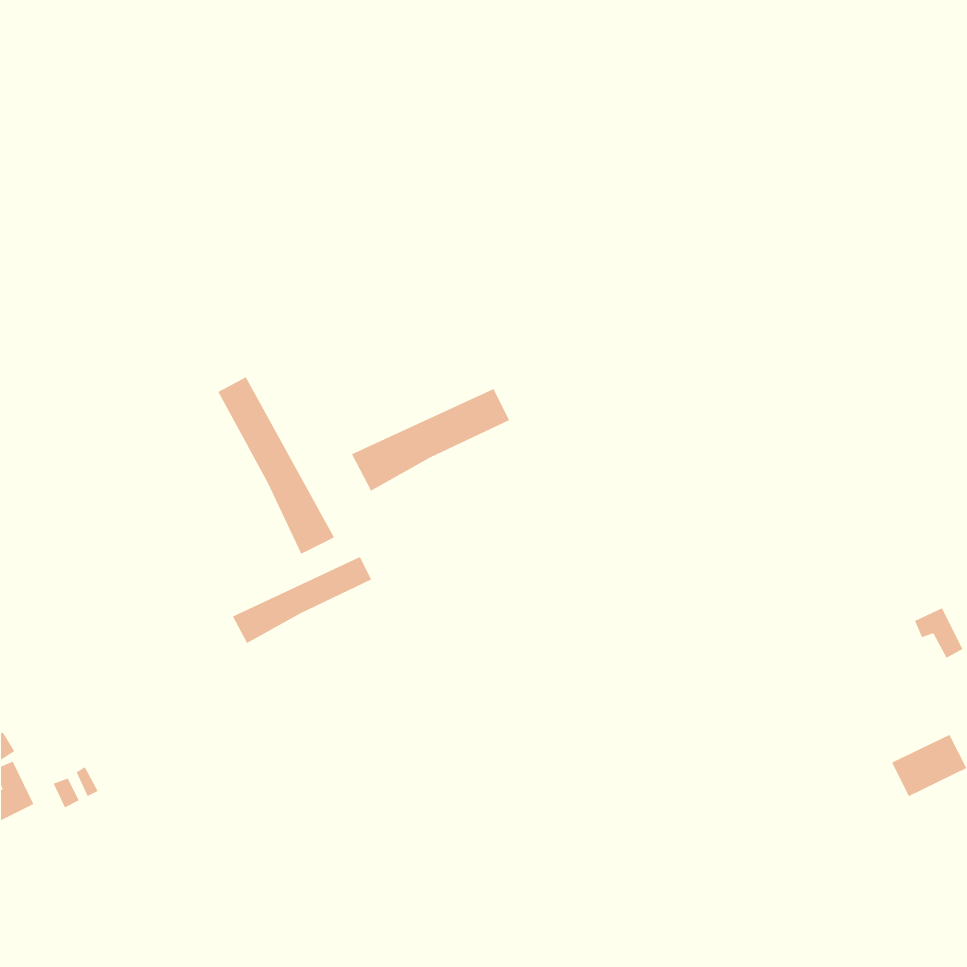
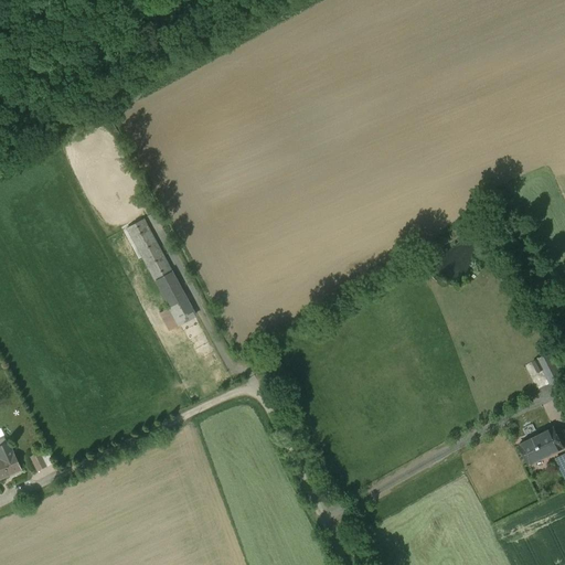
building: [351,388,510,492] -> none
building: [232,556,372,644] -> none

